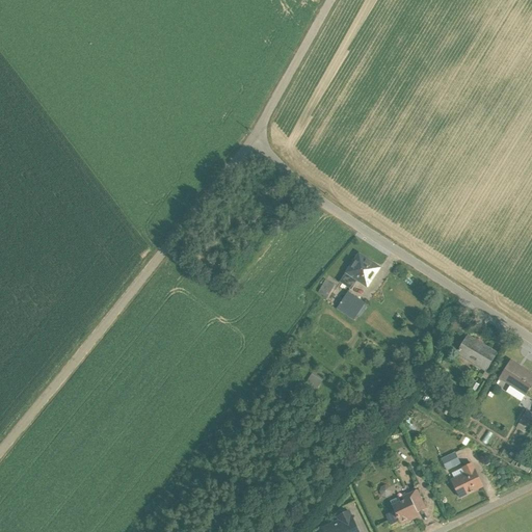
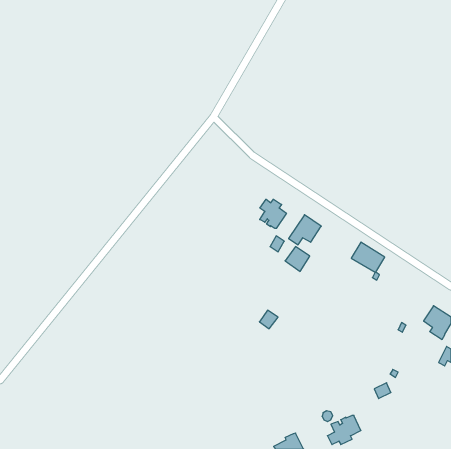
building: none -> [260,199,286,228]
building: [456,334,496,378] -> [351,242,385,280]
building: [451,461,482,496] -> none

